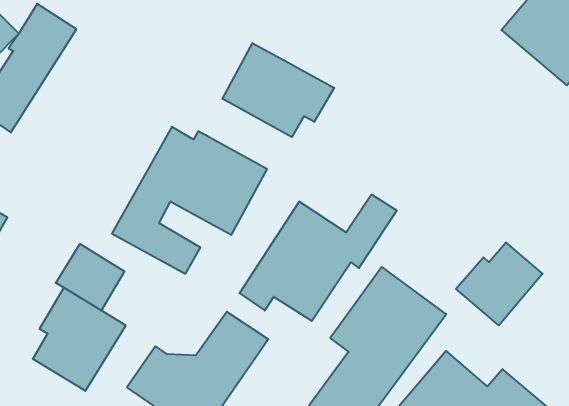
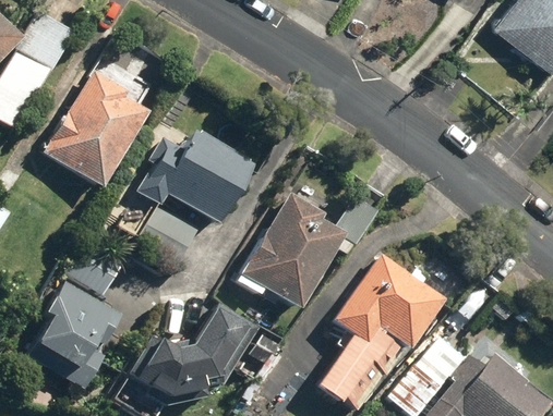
building: [222,43,334,137] -> none
building: none -> [47,66,155,188]
building: [456,243,543,325] -> none

